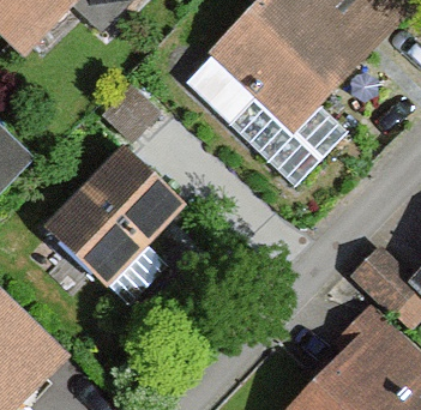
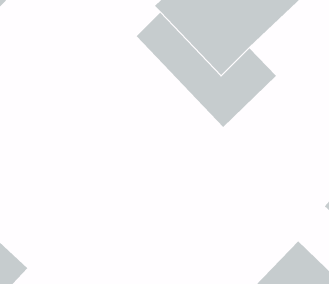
building: [47,145,182,282] -> none

